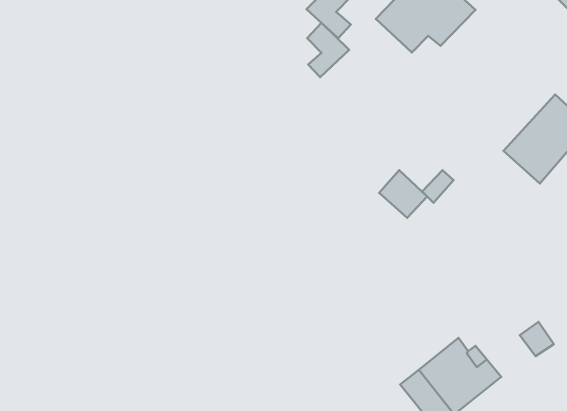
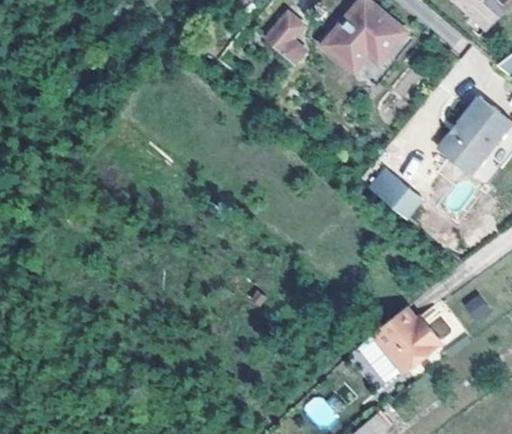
building: [307,23,349,77] -> none
building: [379,170,427,218] -> [381,175,422,215]

